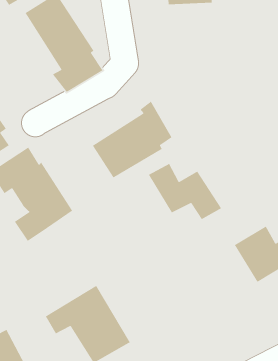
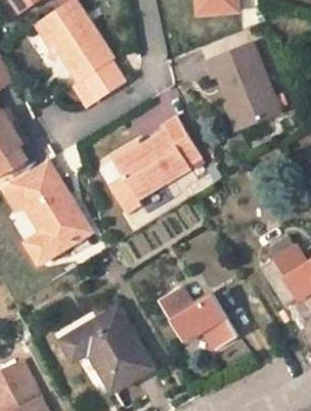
building: none -> [208,45,281,127]
building: [148,163,222,220] -> [160,286,237,347]

